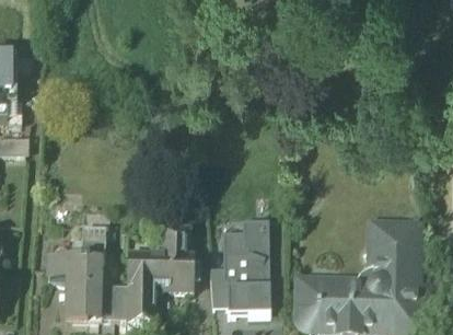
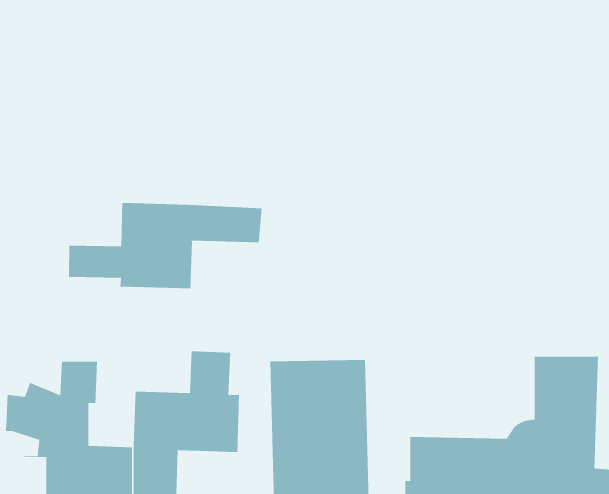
building: none -> [69,202,262,289]

